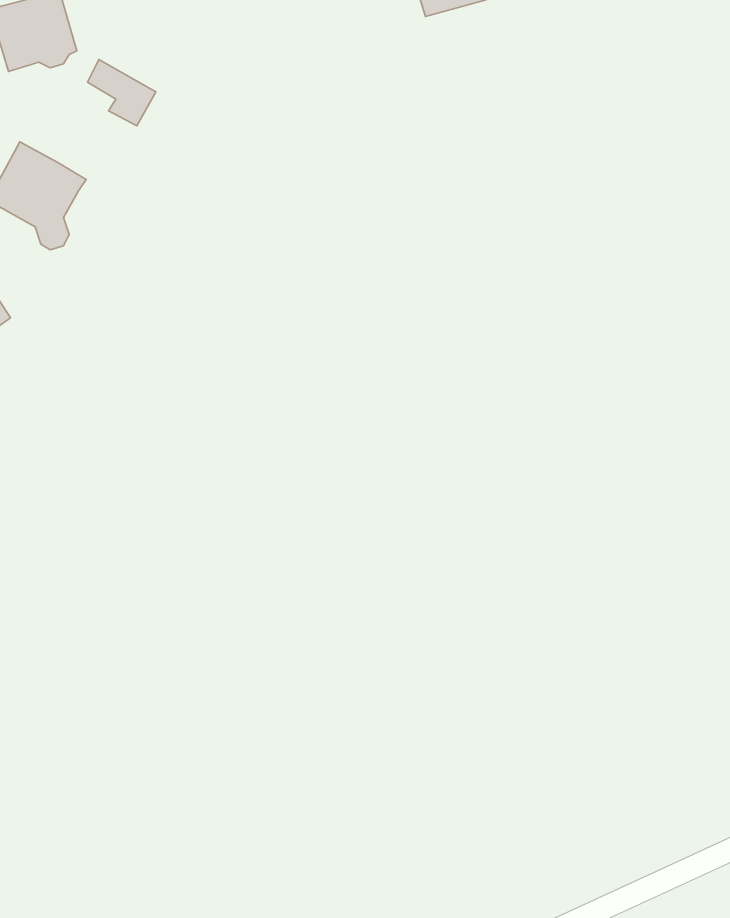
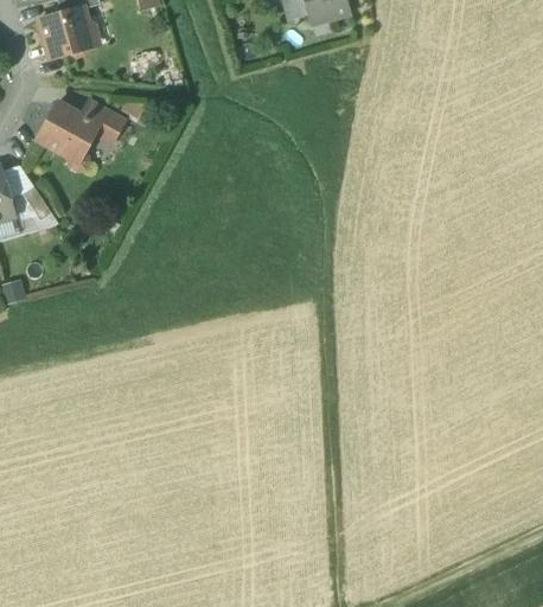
building: [88,60,156,126] -> [82,100,124,141]

